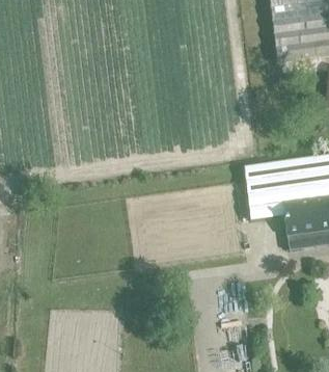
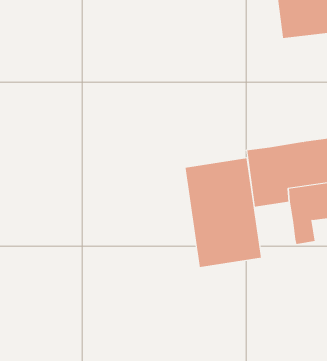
building: none -> [185,157,261,268]

